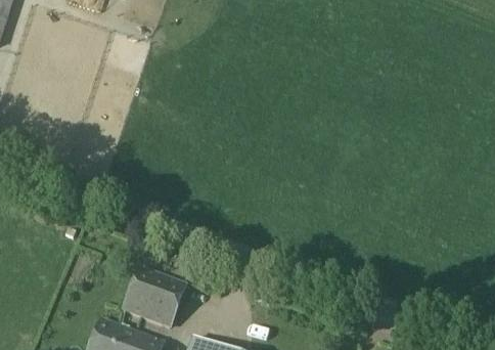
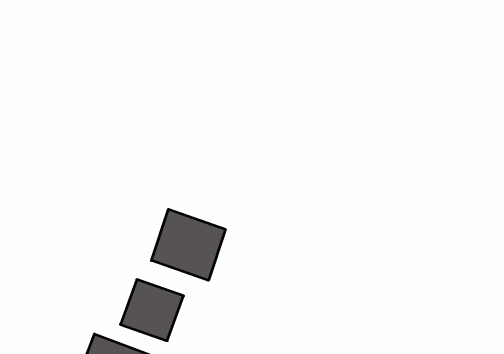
building: none -> [151,209,225,280]

